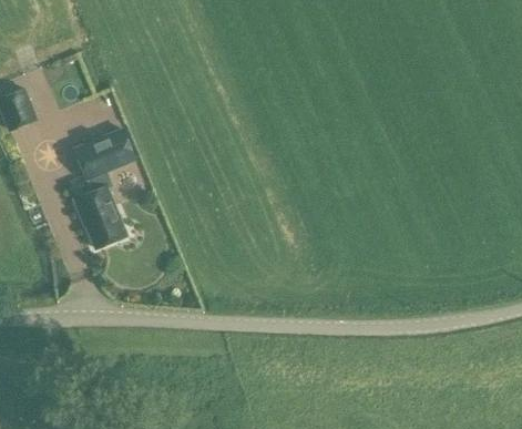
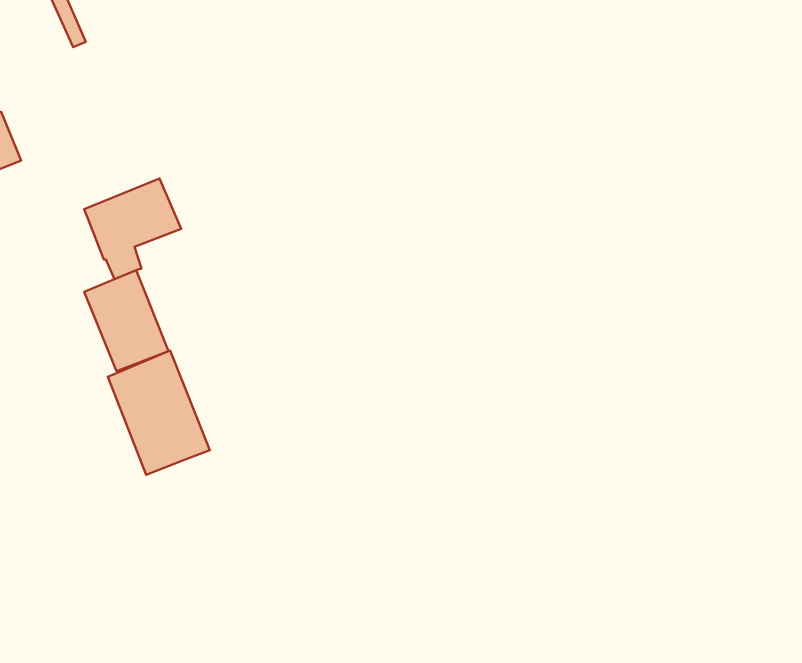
building: none -> [108,351,210,475]

